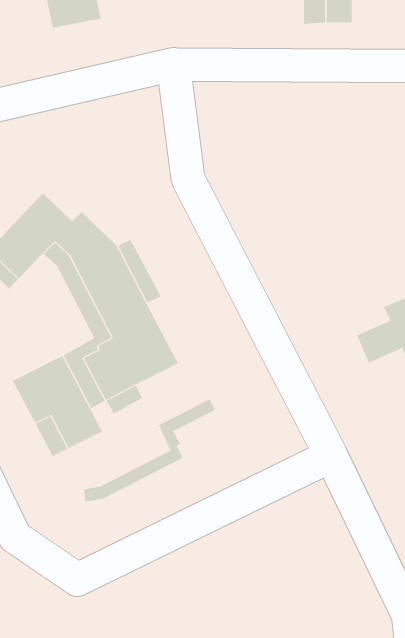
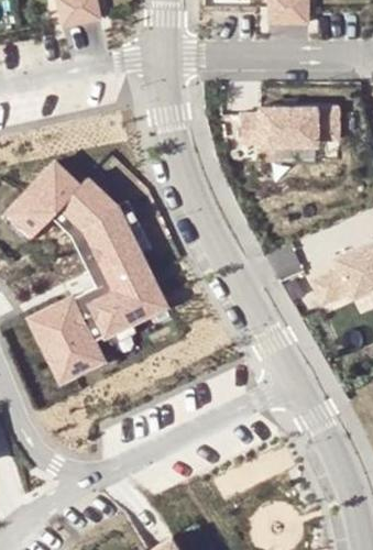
building: none -> [240,106,338,145]
building: [84,399,216,503] -> none

